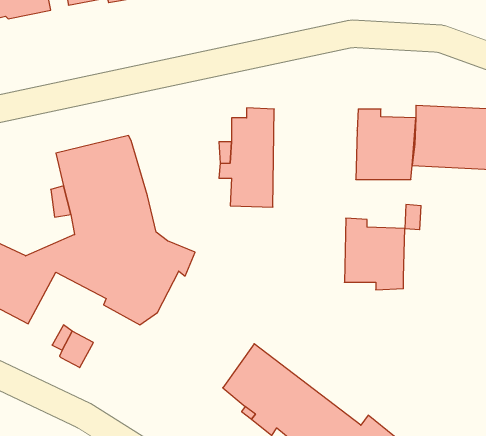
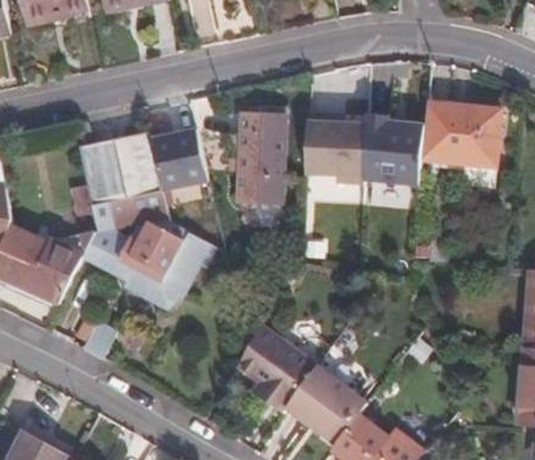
building: none -> [155,127,214,190]
building: [344,218,405,290] -> [315,117,373,186]

